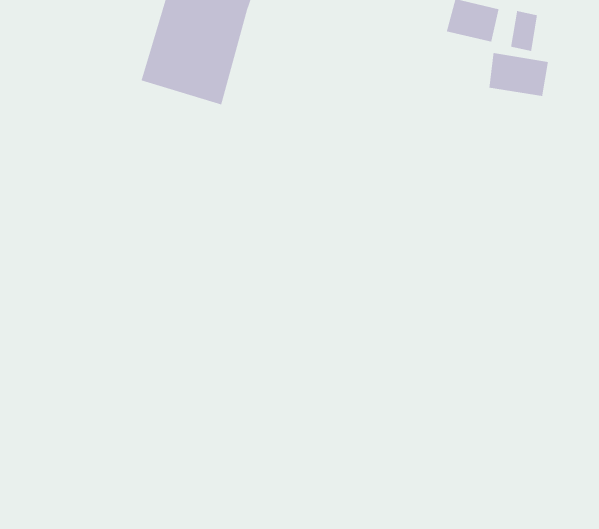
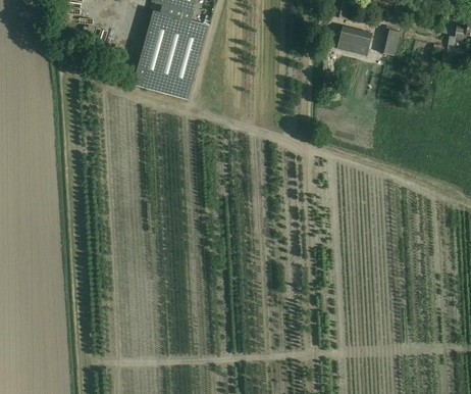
building: [489,52,549,97] -> none

